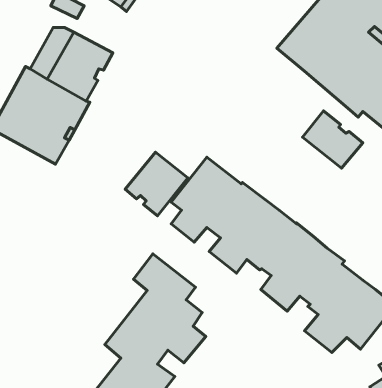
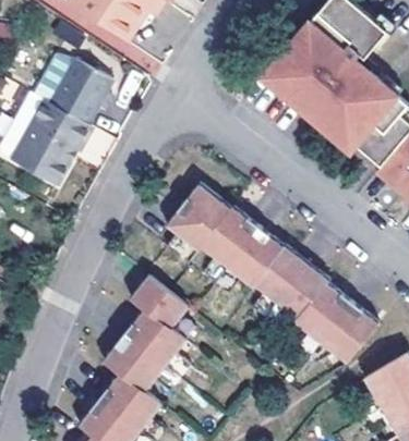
building: [303,111,363,168] -> none
building: [125,152,188,216] -> none

